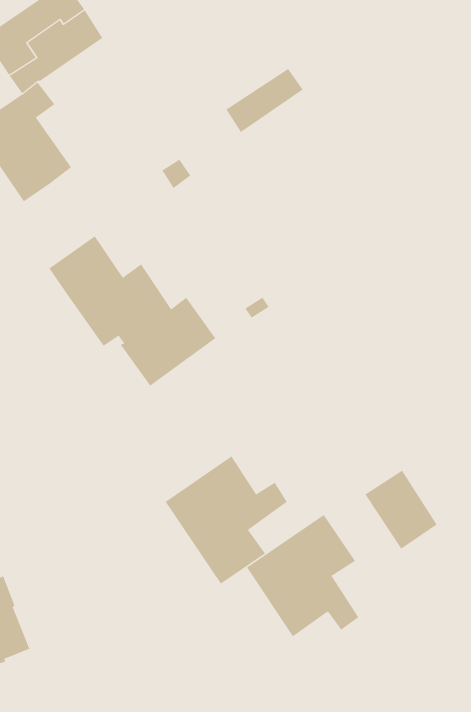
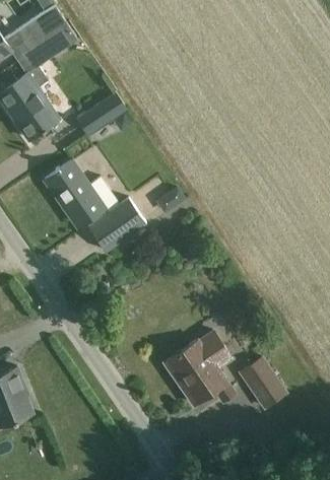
building: [226,68,304,133] -> [77,93,125,133]
building: [165,455,288,584] -> none
building: [364,470,437,549] -> [240,357,284,406]

